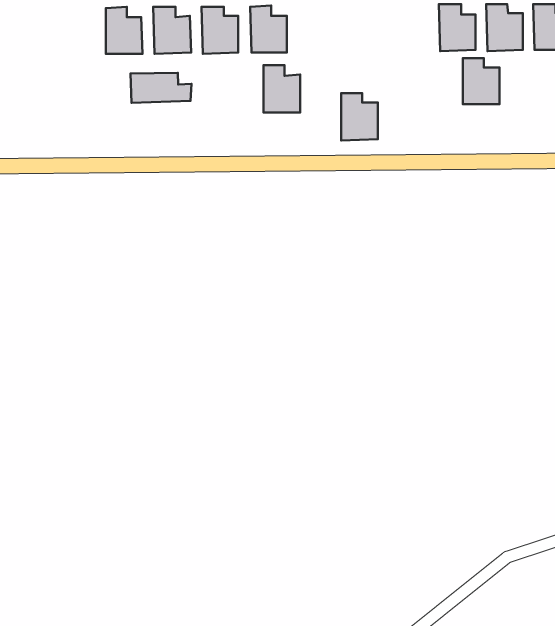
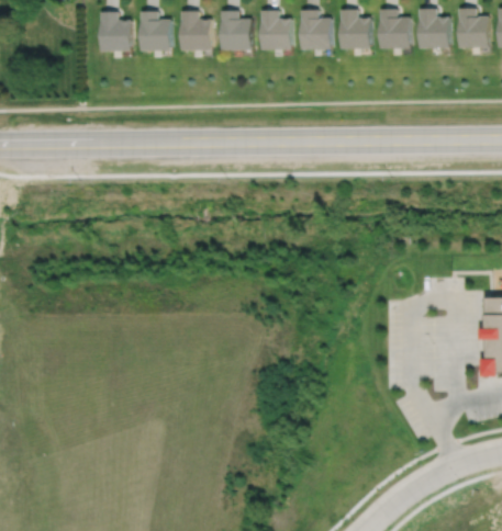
building: [463,58,500,104] -> [339,10,370,48]
building: [263,65,300,112] -> [261,10,292,49]
building: [131,73,192,103] -> none
building: [341,93,378,140] -> [300,10,331,49]

